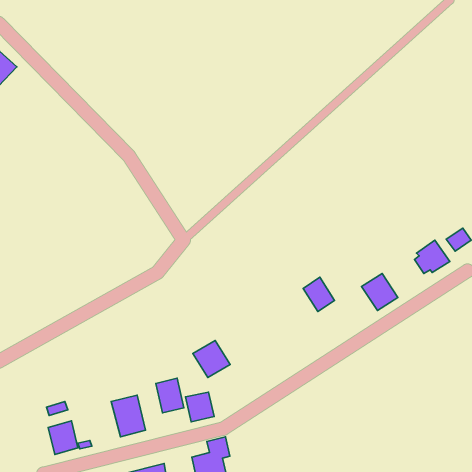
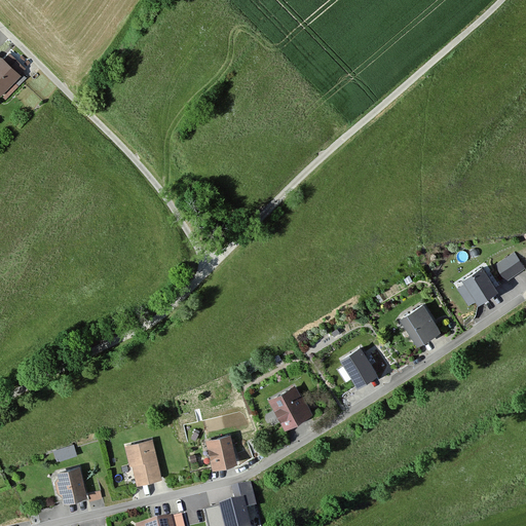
building: [303,277,335,312] -> [343,349,378,387]
building: [193,340,230,377] -> [269,388,310,429]
building: [156,378,184,413] -> none

